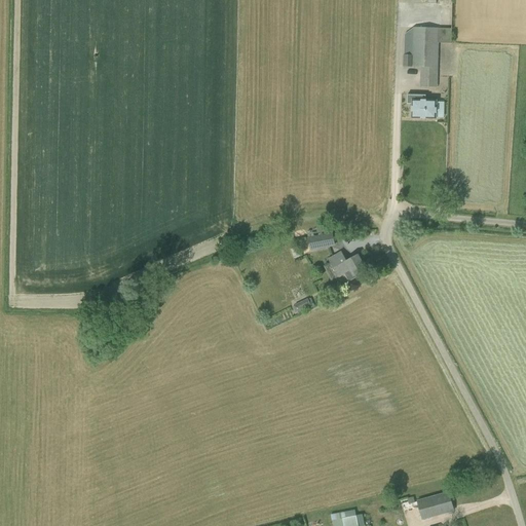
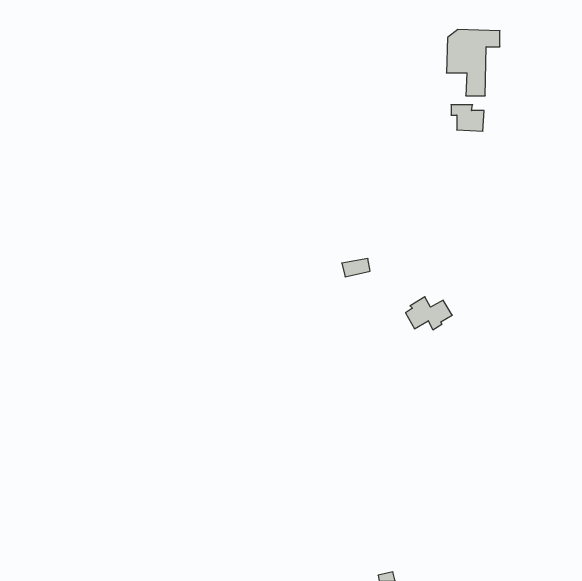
building: [324,252,366,281] -> [406,297,452,330]
building: [417,491,454,518] -> none

